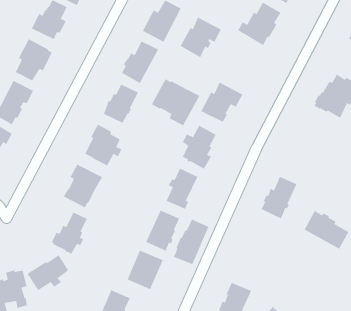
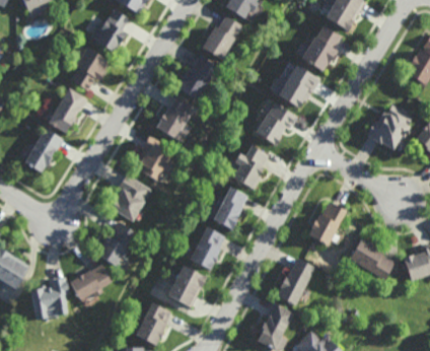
building: [179,17,222,58] -> [277,65,320,107]
building: [151,78,201,127] -> none
building: [173,218,209,265] -> [276,258,314,304]

